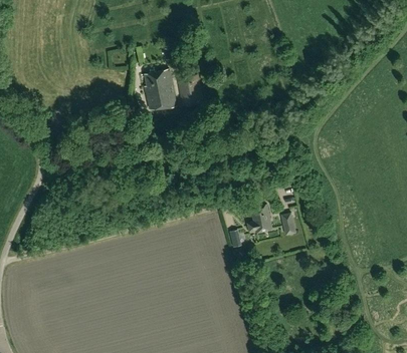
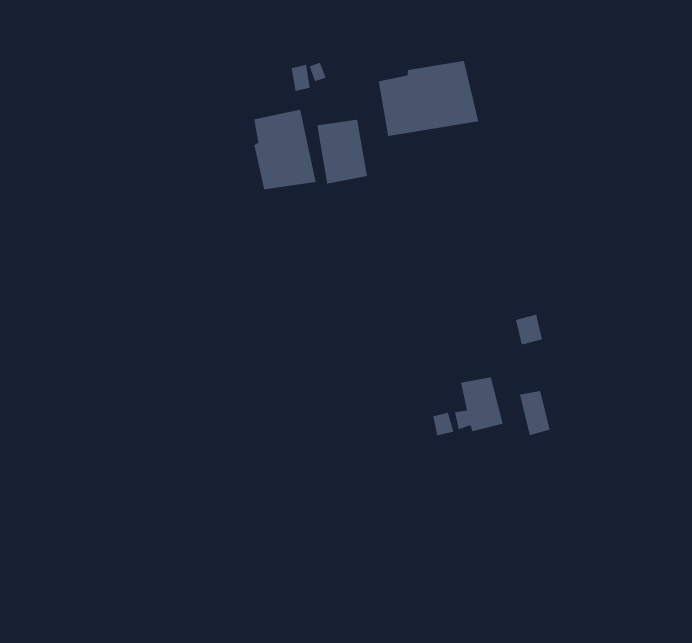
building: none -> [378,60,479,137]

